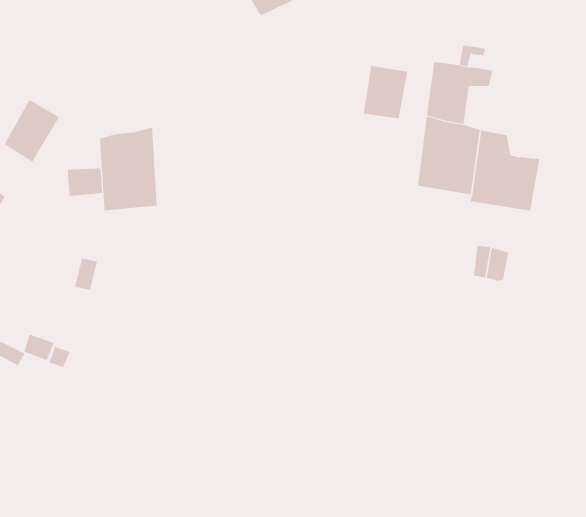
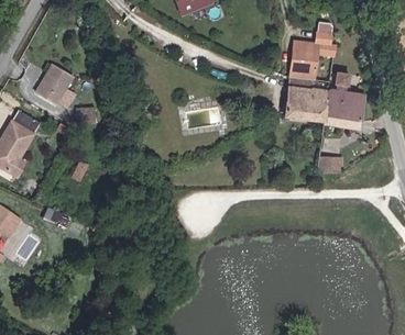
building: [363,65,408,119] -> none
building: [99,127,157,211] -> none

